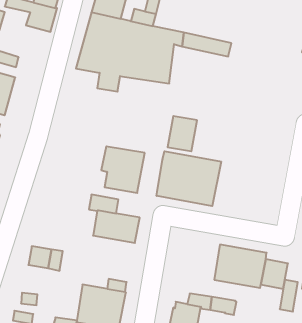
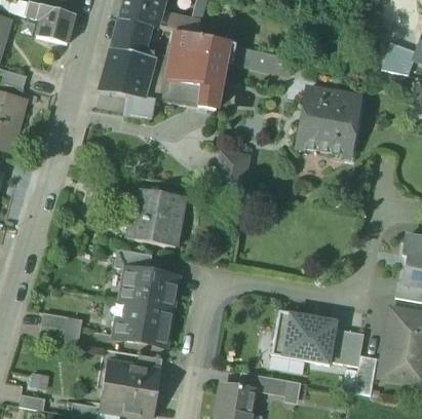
building: none -> [297,88,359,160]
building: [157,151,221,206] -> none
building: none -> [114,299,172,346]

